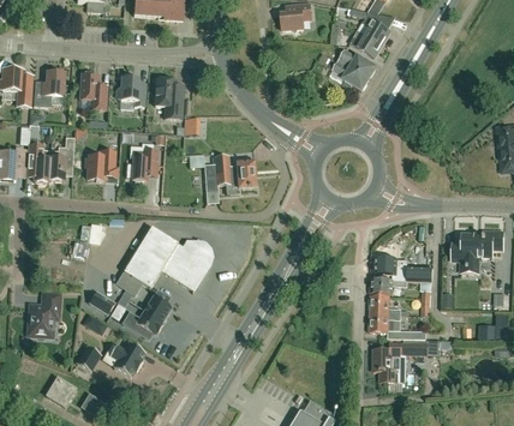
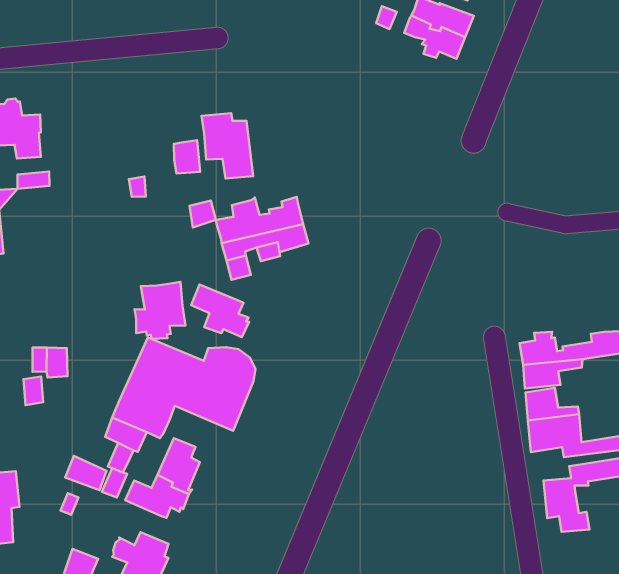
building: [115,76,145,106] -> none
building: [155,78,183,119] -> [201,113,253,178]
building: [126,149,157,182] -> [135,282,185,339]
building: [85,150,118,181] -> none
building: none -> [191,284,249,337]

